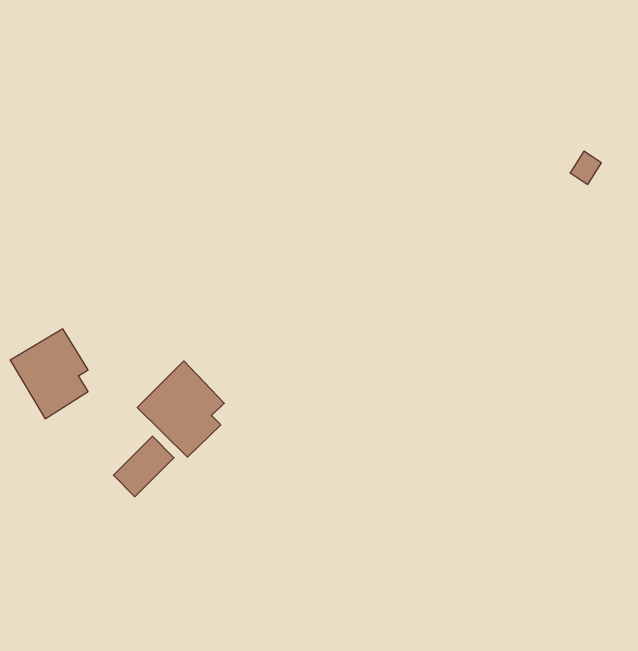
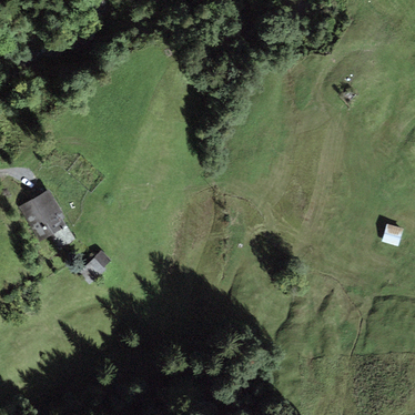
building: [137,361,224,457] -> none

